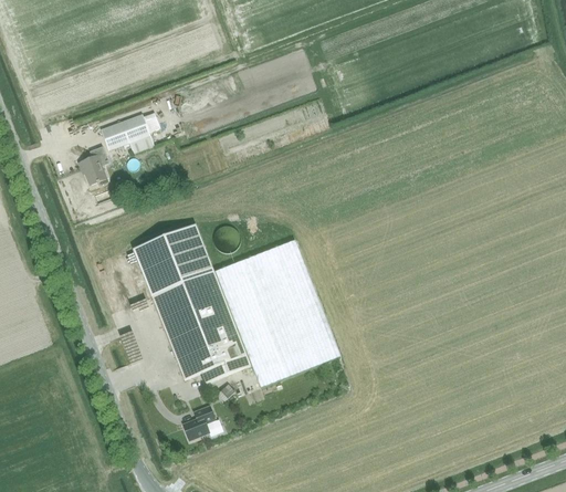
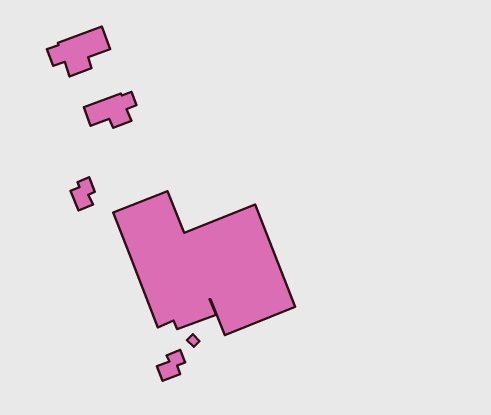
building: none -> [47,26,110,76]
building: [81,145,108,182] -> [71,177,95,210]

